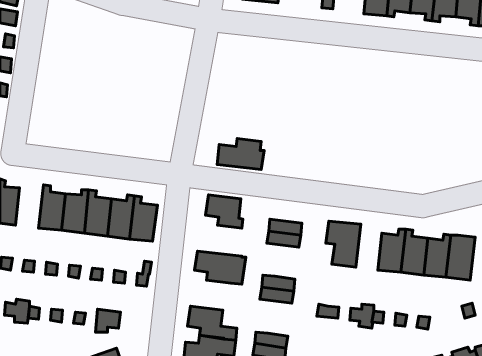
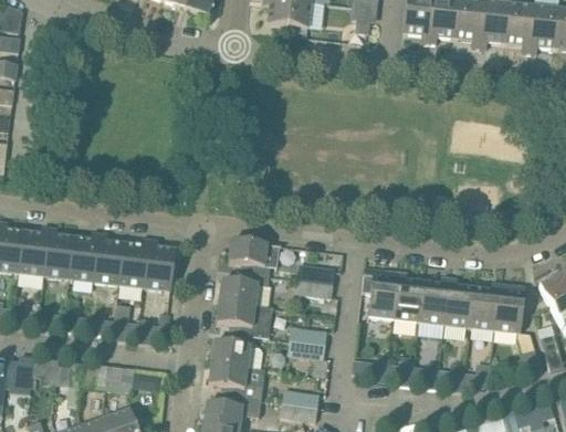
building: [217,139,264,170] -> [219,272,271,306]
building: none -> [18,226,49,275]
building: none -> [394,271,422,322]
building: none -> [211,333,262,368]

